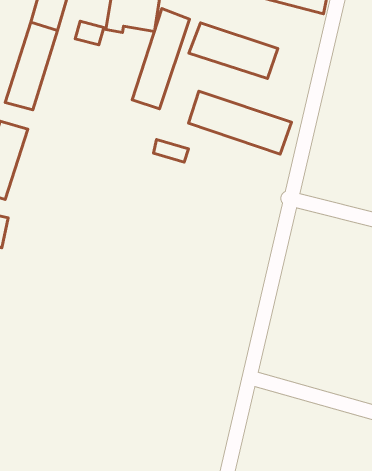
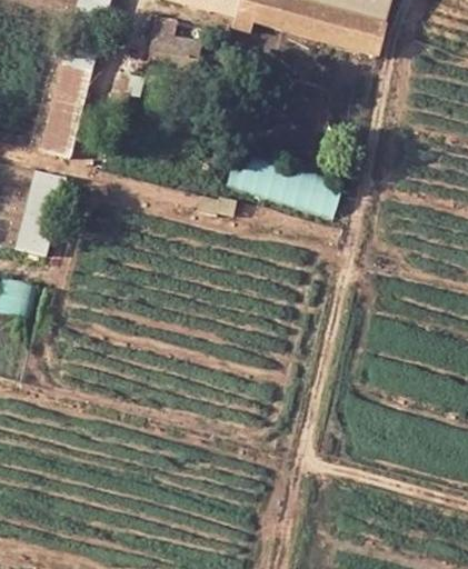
building: [132,8,189,109] -> none
building: [189,23,278,79] -> none

